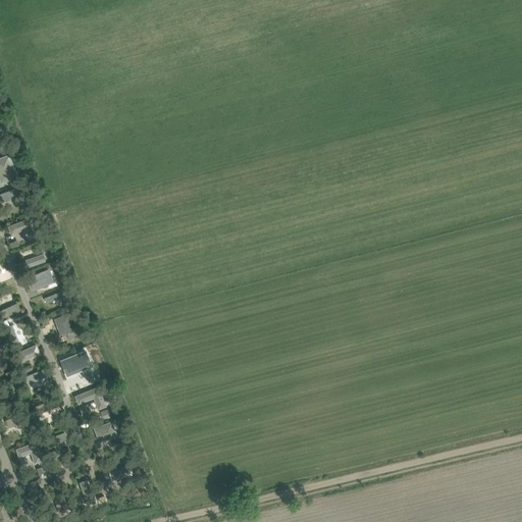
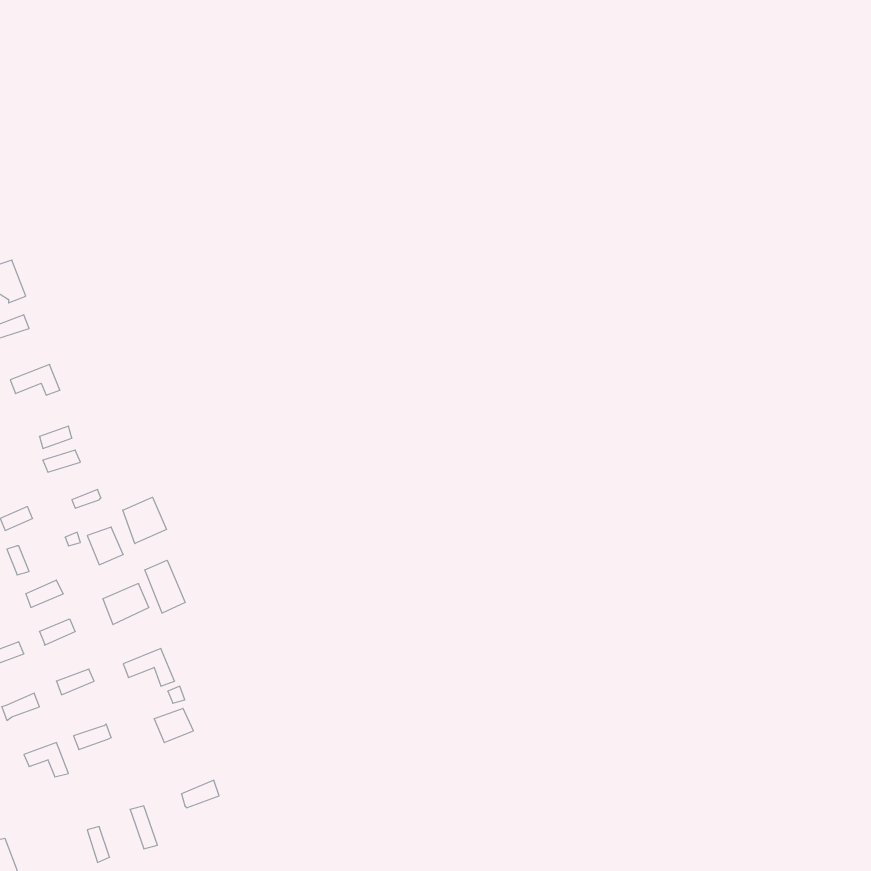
building: none -> [123,497,166,544]
building: none -> [145,560,185,613]

